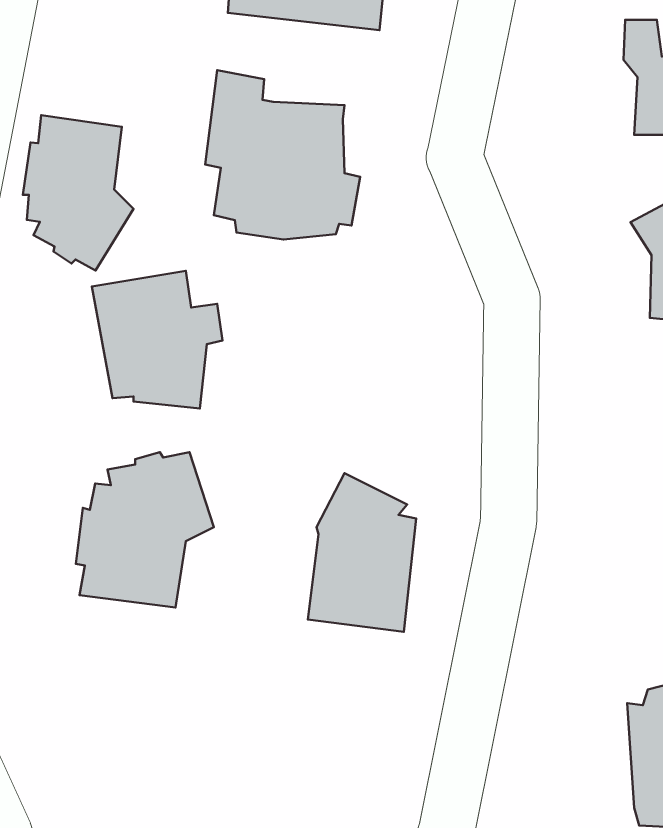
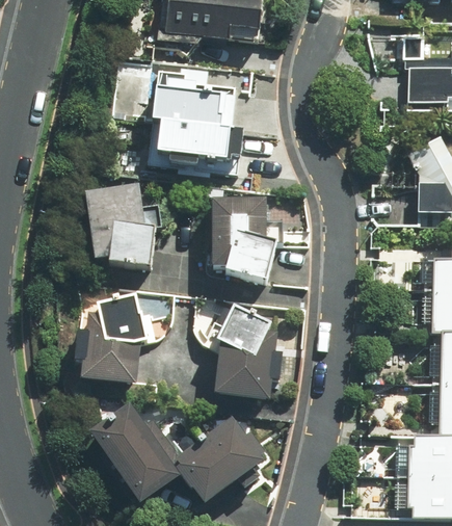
building: [23,115,133,271] -> none
building: none -> [212,198,285,283]
building: none -> [88,401,266,503]

